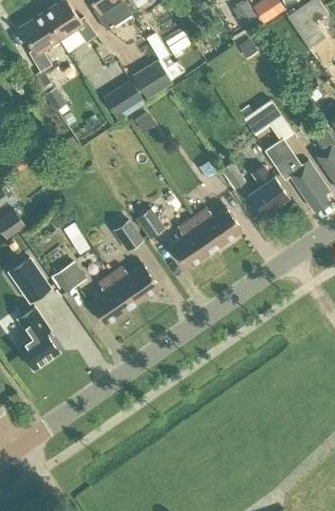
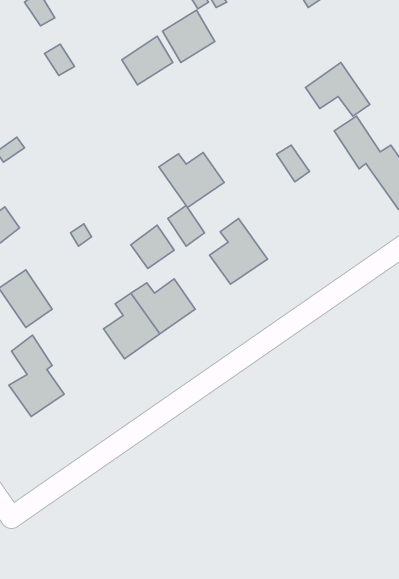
building: [249,167,289,216] -> none
building: [192,207,242,249] -> [159,152,224,208]
building: [54,263,85,294] -> none

